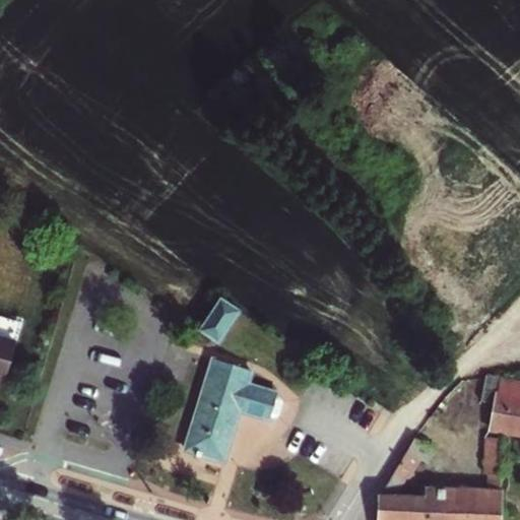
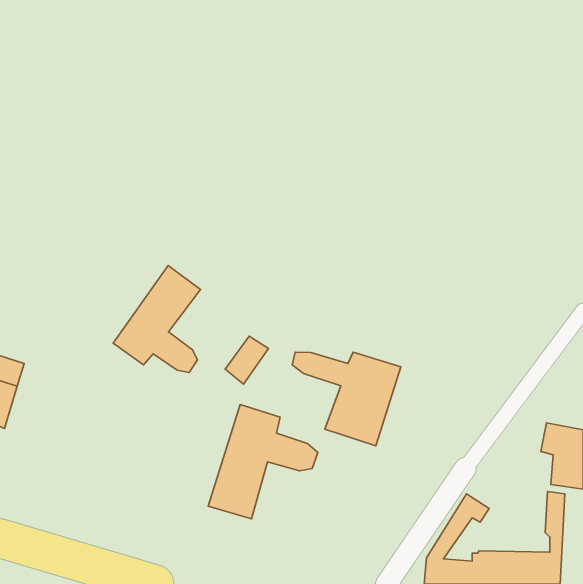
building: none -> [113,266,201,373]
building: none -> [292,352,401,446]

